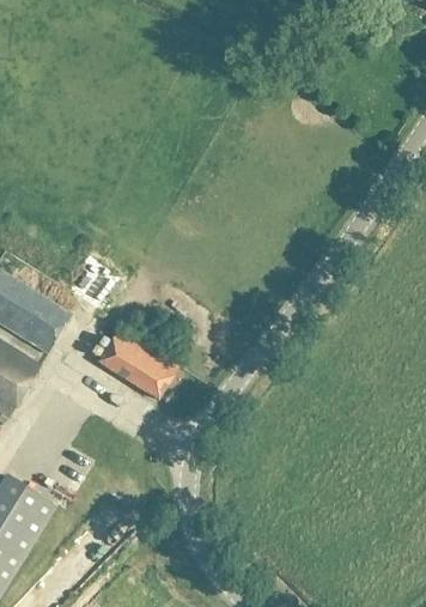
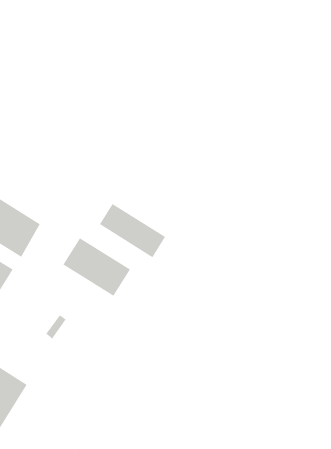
building: none -> [99,203,166,258]

